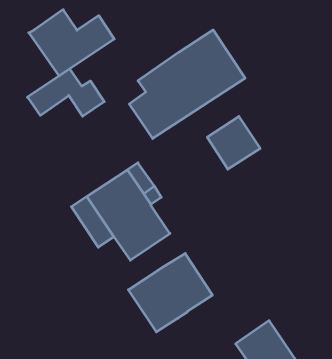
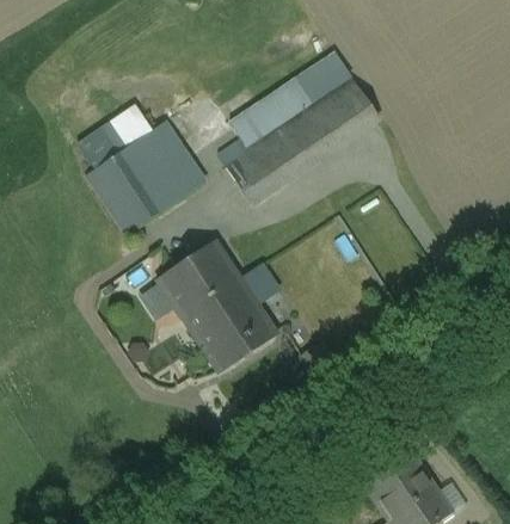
building: [29,10,114,76] -> [87,141,205,233]
building: [207,116,260,169] -> none
building: [128,253,212,332] -> none

